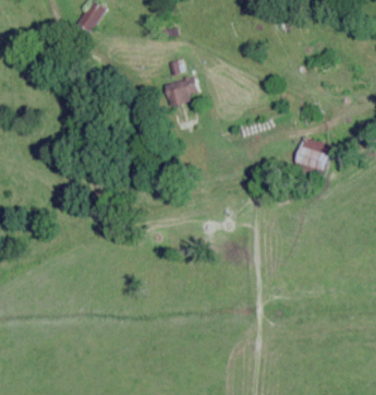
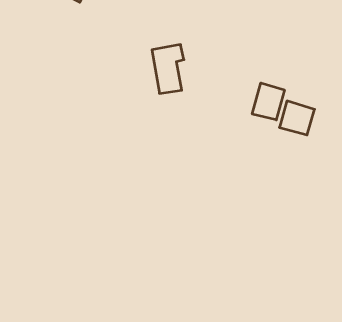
building: none -> [252,83,284,120]

